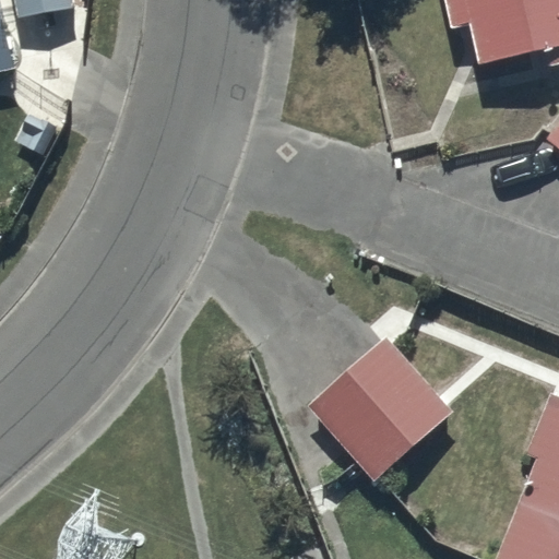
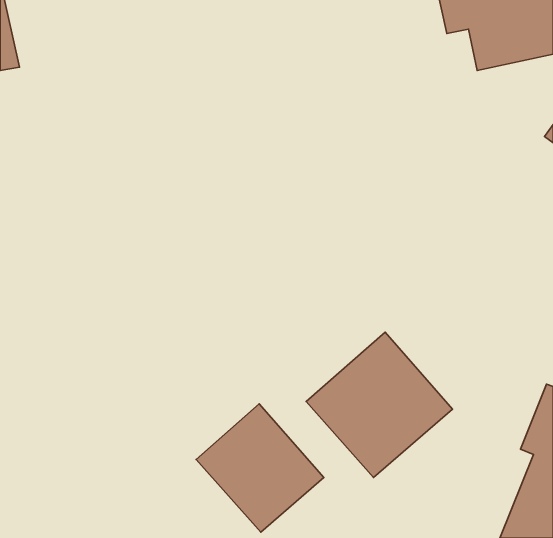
building: none -> [196,404,324,532]

